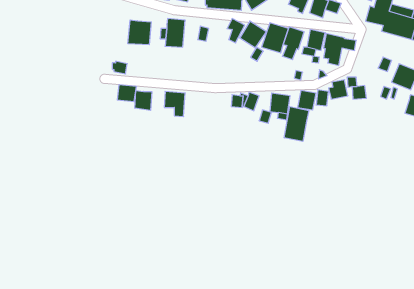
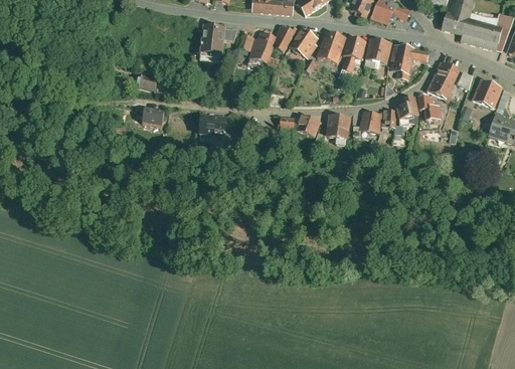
building: [128,20,151,45] -> none
building: none -> [249,33,281,67]
building: none -> [426,62,459,102]
building: [135,90,152,110] -> none
building: [284,107,309,141] -> none

